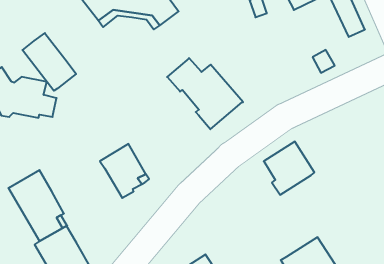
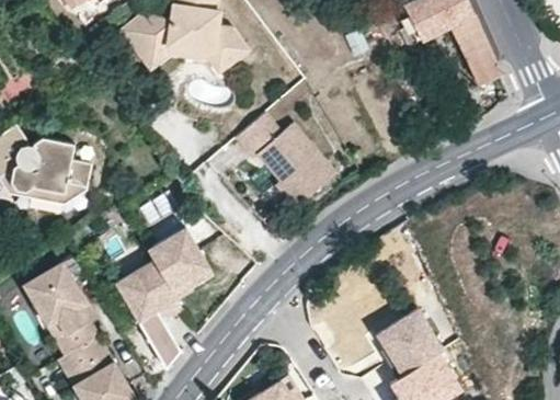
building: [22,33,76,91] -> none
building: [264,142,314,195] -> [375,307,443,378]
building: none -> [115,260,183,370]

